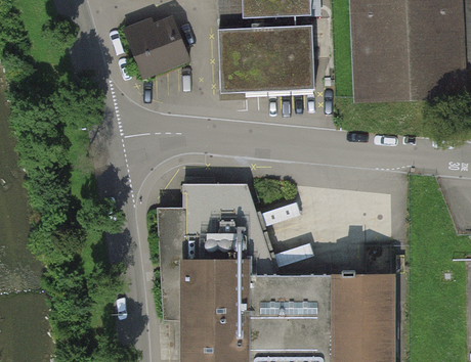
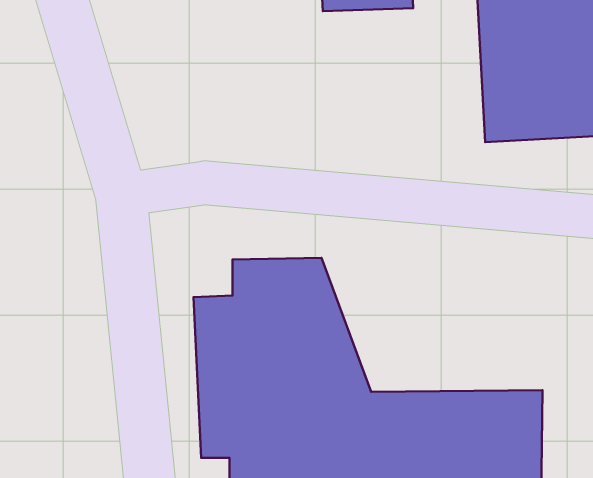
building: [124,14,190,80] -> none
building: [220,27,317,94] -> none

